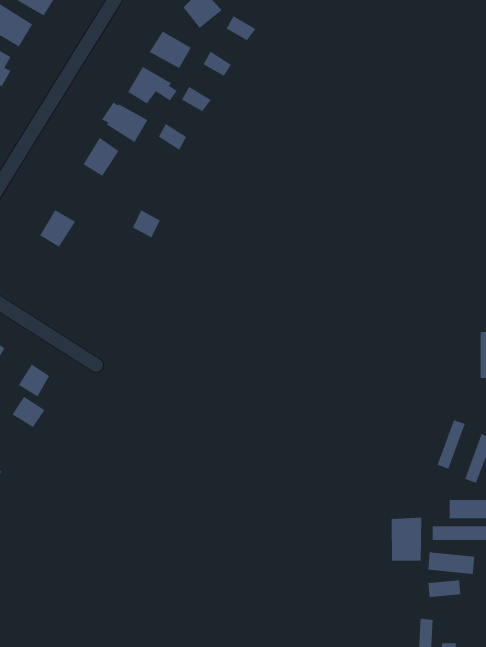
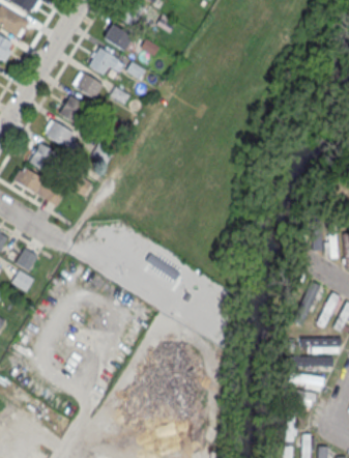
building: none -> [45,119,78,151]
building: none -> [12,168,65,206]
building: [391,517,422,562] -> none

